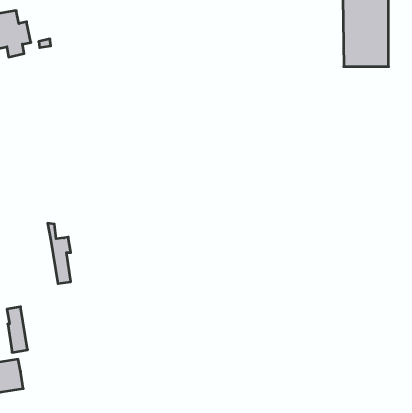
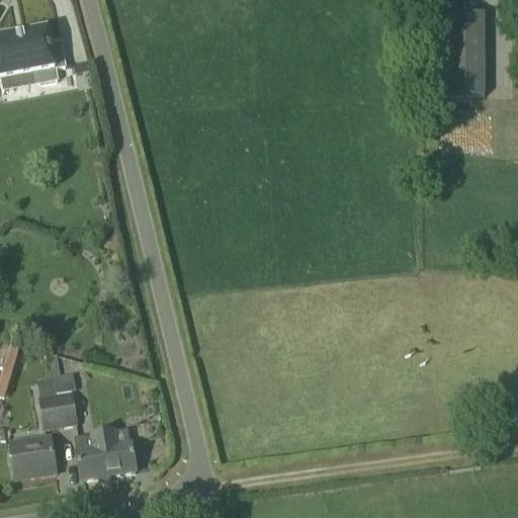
building: [48,223,71,284] -> [49,355,76,426]
building: none -> [74,430,136,479]

